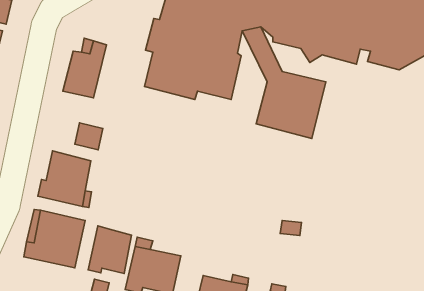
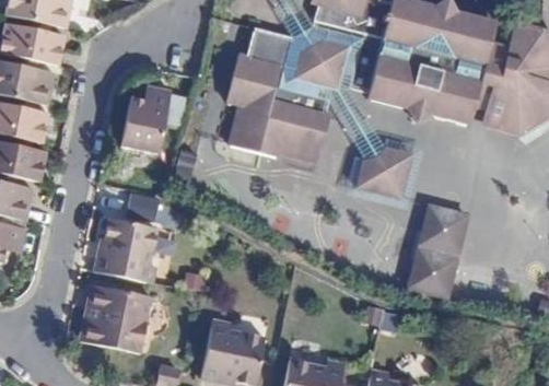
building: none -> [417,192,479,288]
building: [88,226,131,273] -> none

